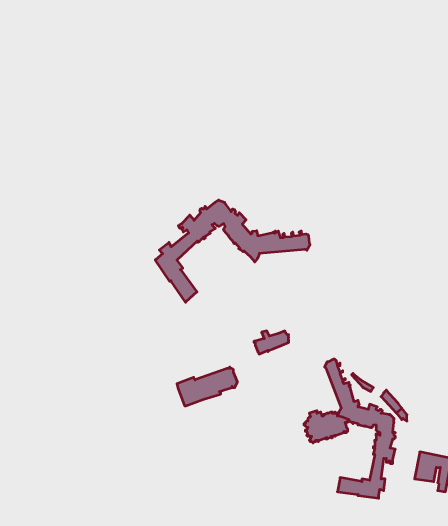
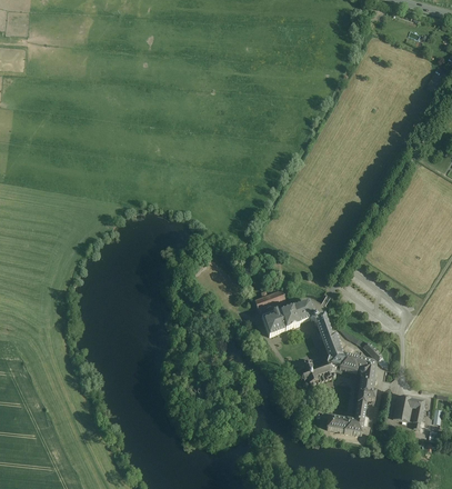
building: [155,200,310,302] -> none
building: [177,367,237,406] -> [261,300,313,333]

